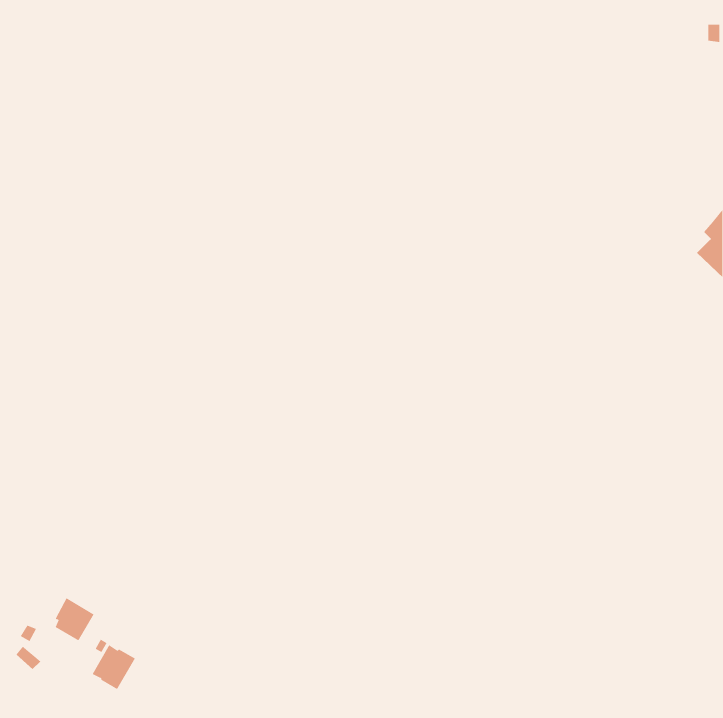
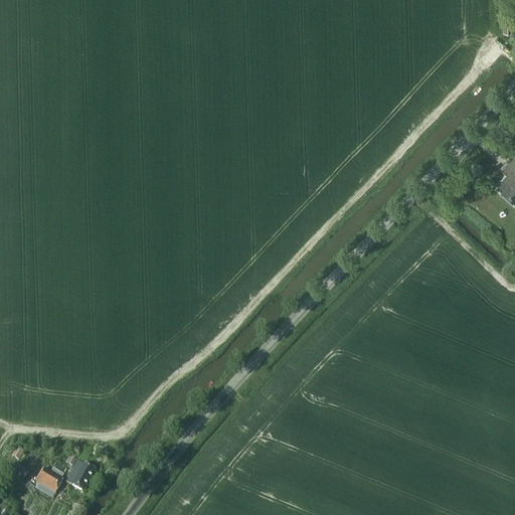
building: [55,597,95,641] -> [36,465,64,496]

